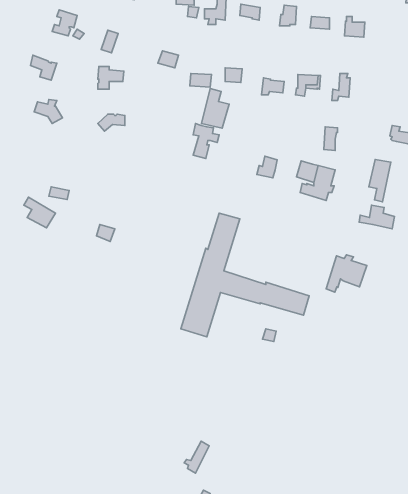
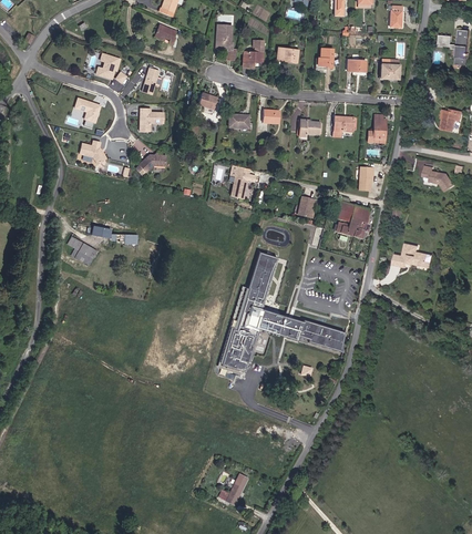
building: [202,89,229,128] -> none
building: [369,160,391,202] -> none
building: [326,255,367,292] -> none

